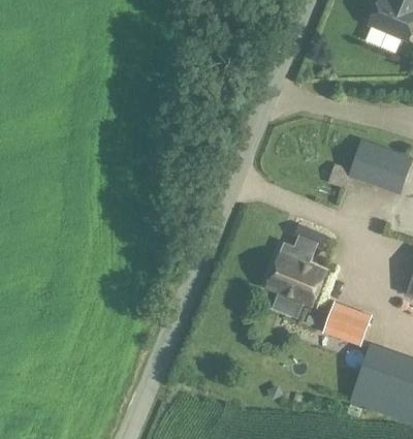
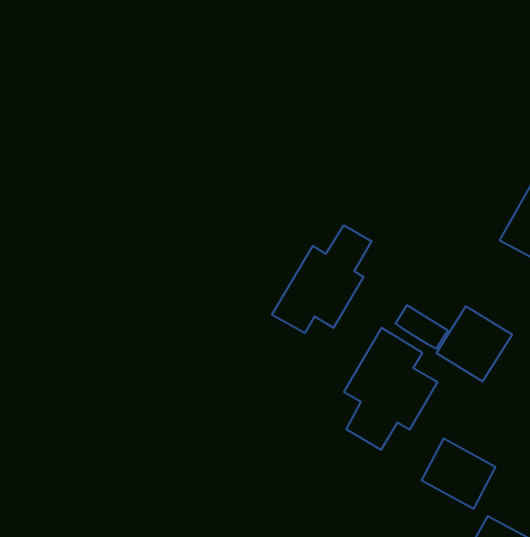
building: none -> [272,225,372,333]
building: none -> [436,306,512,381]

